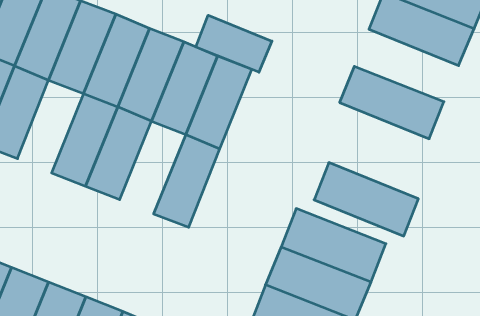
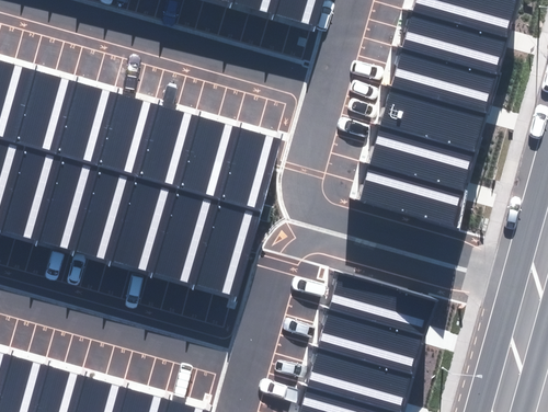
building: [196,15,272,72] -> none
building: none -> [378,78,484,144]
building: none -> [45,164,105,259]
building: none -> [153,195,214,289]
building: [314,163,418,236] -> [356,156,463,222]

